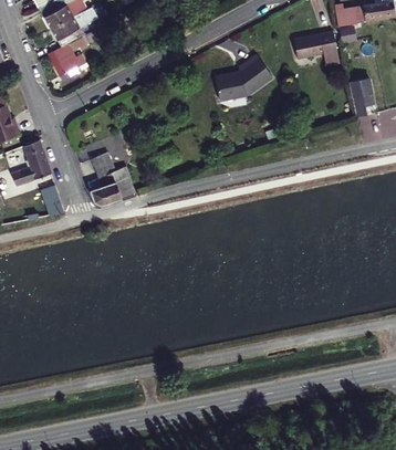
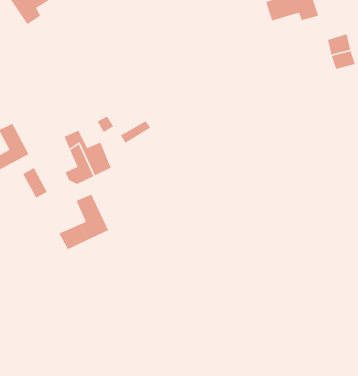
building: [49,35,90,80] -> none
building: [213,53,269,95] -> none
building: none -> [58,193,109,250]

